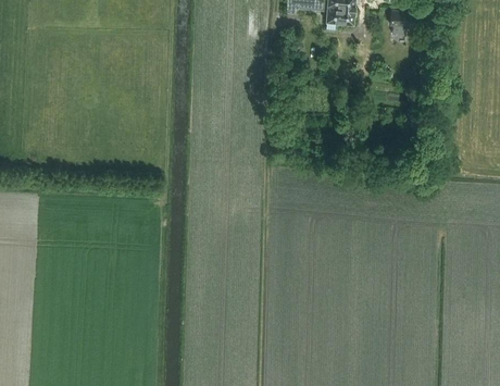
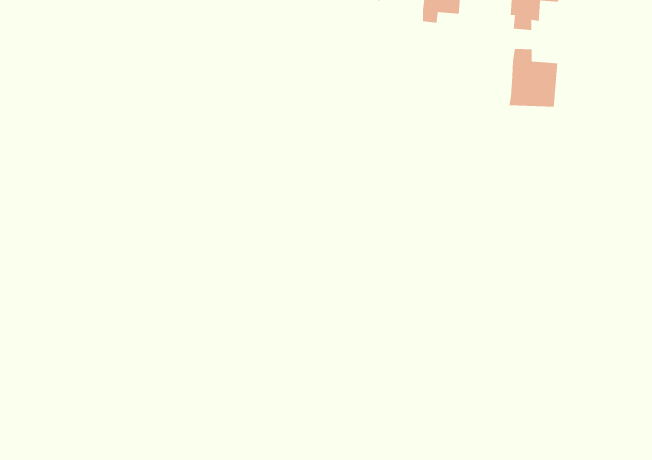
building: none -> [509,48,558,108]

